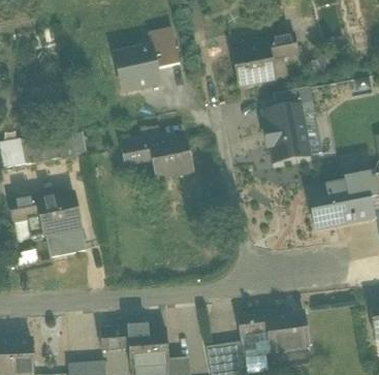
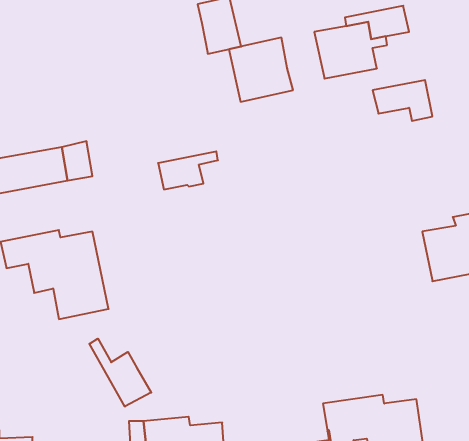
building: [115,48,160,93] -> [229,38,293,102]
building: [264,107,309,163] -> none
building: [150,139,193,181] -> none
building: none -> [89,339,151,407]

